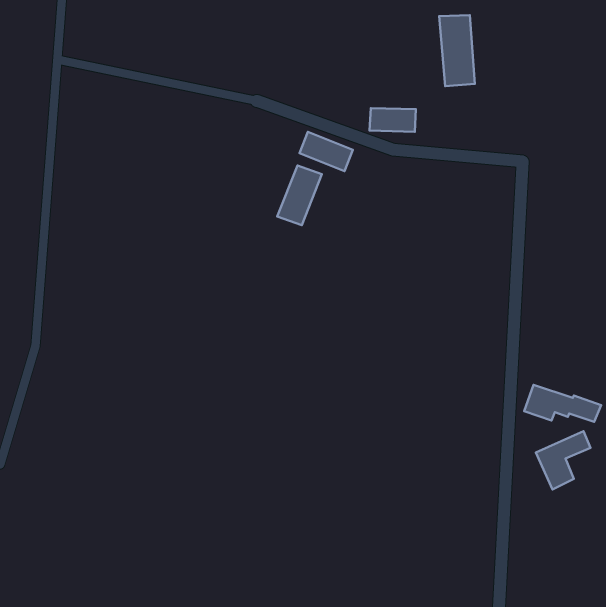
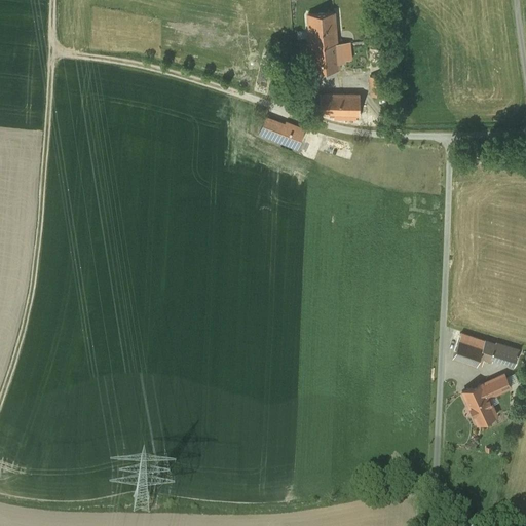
building: [439,15,475,86] -> [309,12,340,74]
building: [277,165,322,225] -> none

